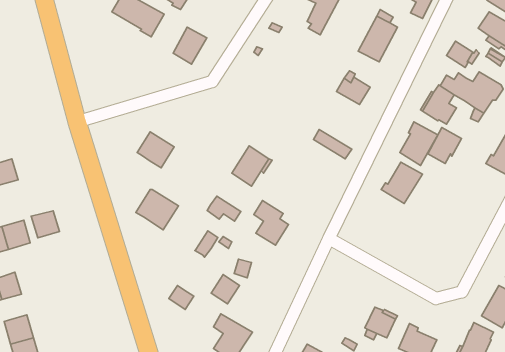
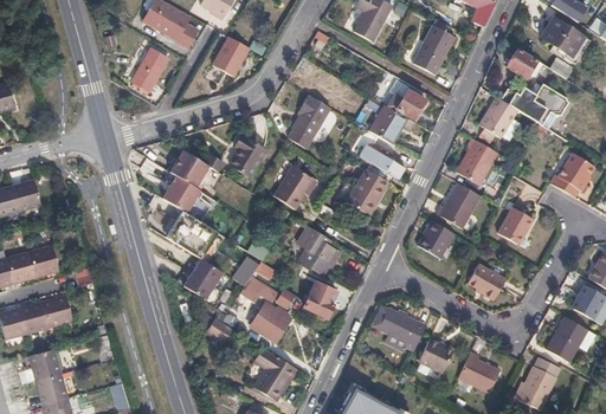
building: none -> [130,51,168,96]
building: none -> [286,93,329,145]
building: none -> [369,105,406,143]
building: none -> [226,130,262,173]
building: [428,128,461,164] -> [497,205,534,244]
building: none -> [346,169,388,213]
building: none -> [165,175,201,212]
building: [207,196,241,221] -> [241,276,278,303]
building: none -> [418,220,457,259]
building: [31,211,60,238] -> [39,296,70,325]
building: none -> [183,257,224,299]
building: none -> [468,263,504,298]
building: none -> [304,282,336,317]
building: none -> [379,309,424,350]

